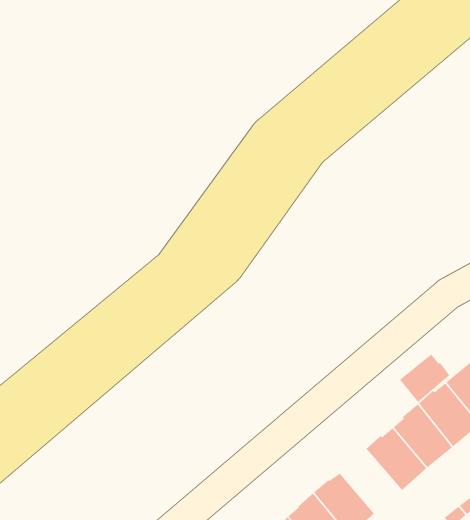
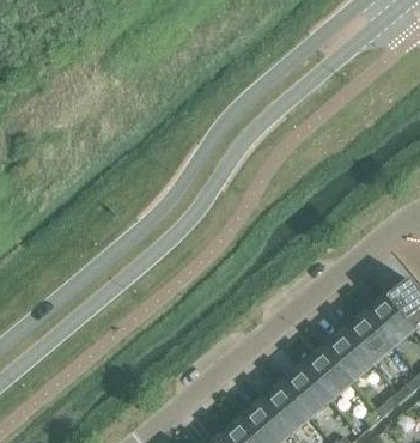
building: [399,353,450,403] -> none
building: none -> [280,368,329,419]

